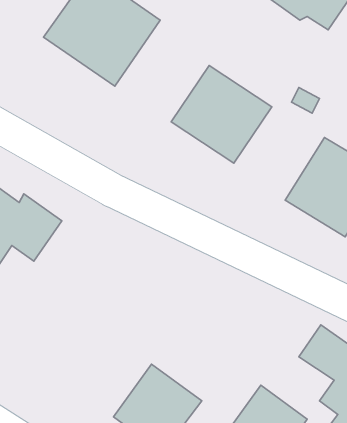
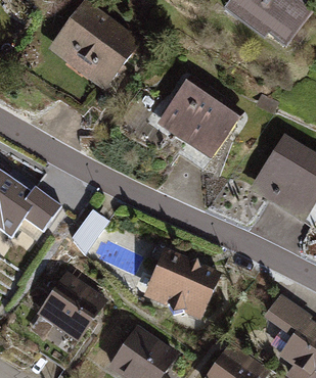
building: none -> [70,209,108,256]
building: none -> [142,247,220,320]
building: none -> [35,271,107,343]

